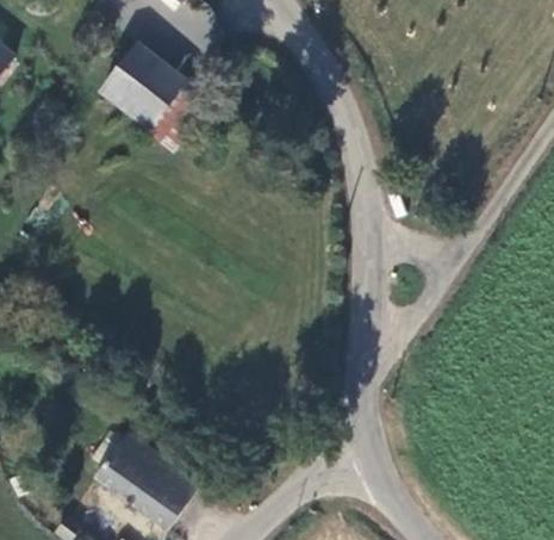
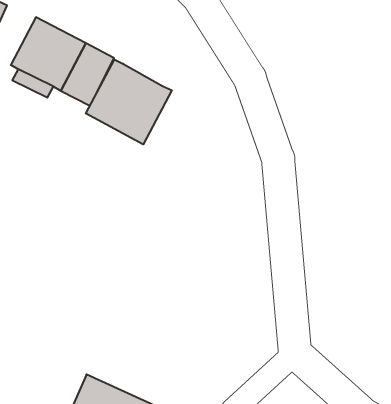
building: none -> [86,60,172,144]

